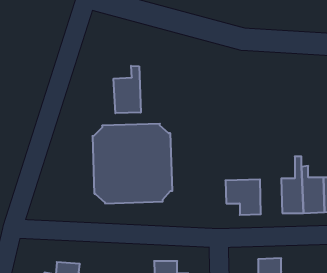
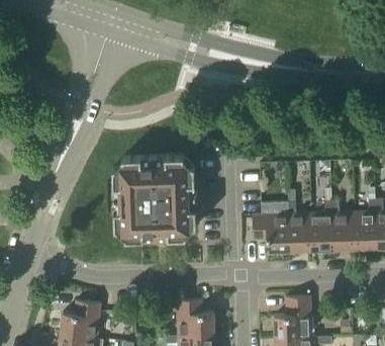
building: [114,66,141,113] -> none
building: none -> [287,190,311,251]

